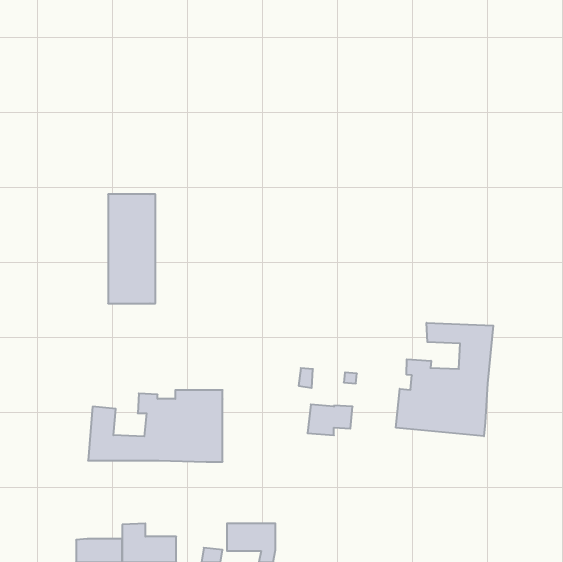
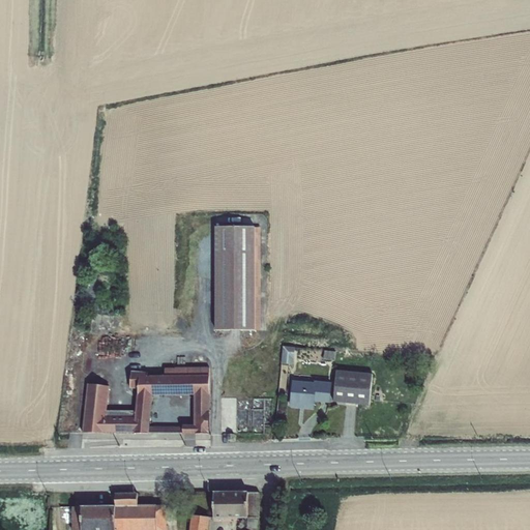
building: [108,194,155,303] -> [214,227,259,329]
building: [396,323,493,436] -> none
building: none -> [333,370,373,405]

